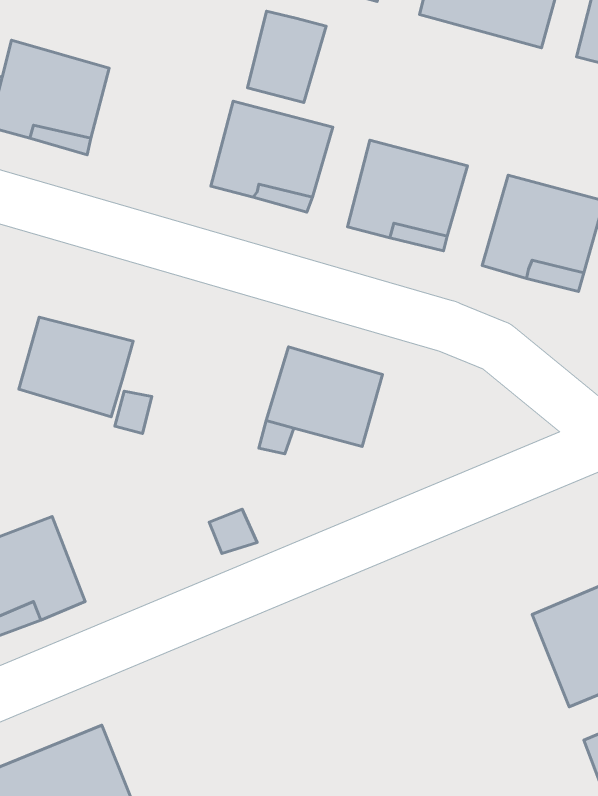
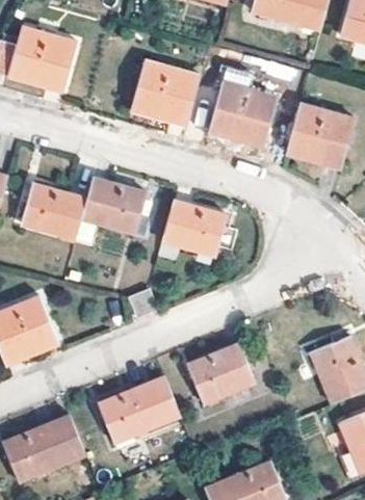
building: [248,11,326,103] -> none
building: none -> [81,176,147,233]
building: none -> [187,341,255,400]
building: none -> [98,374,179,442]

